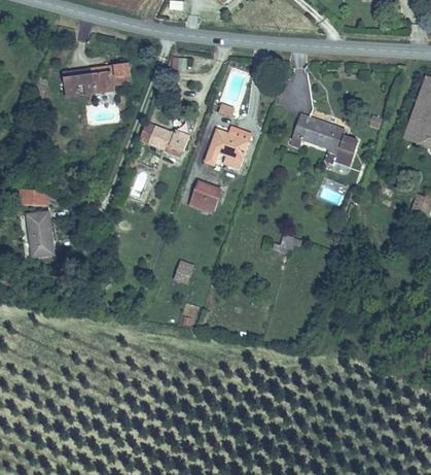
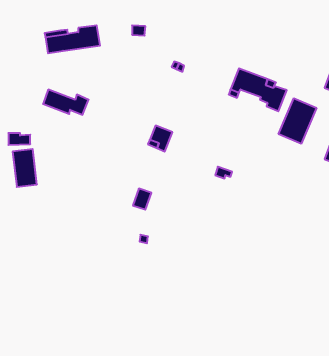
building: [138,121,193,151] -> [43,90,89,115]
building: [205,128,249,169] -> none
building: none -> [279,98,316,144]

